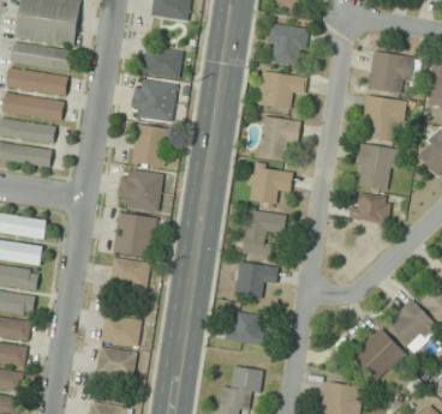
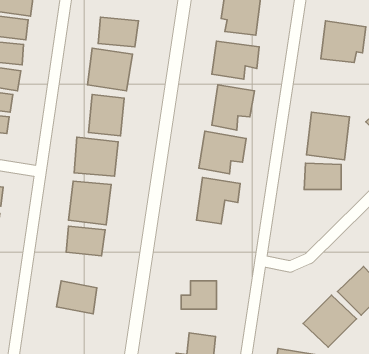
building: [363,96,405,140] -> none
building: [235,262,277,299] -> none
building: [96,346,137,378] -> none

